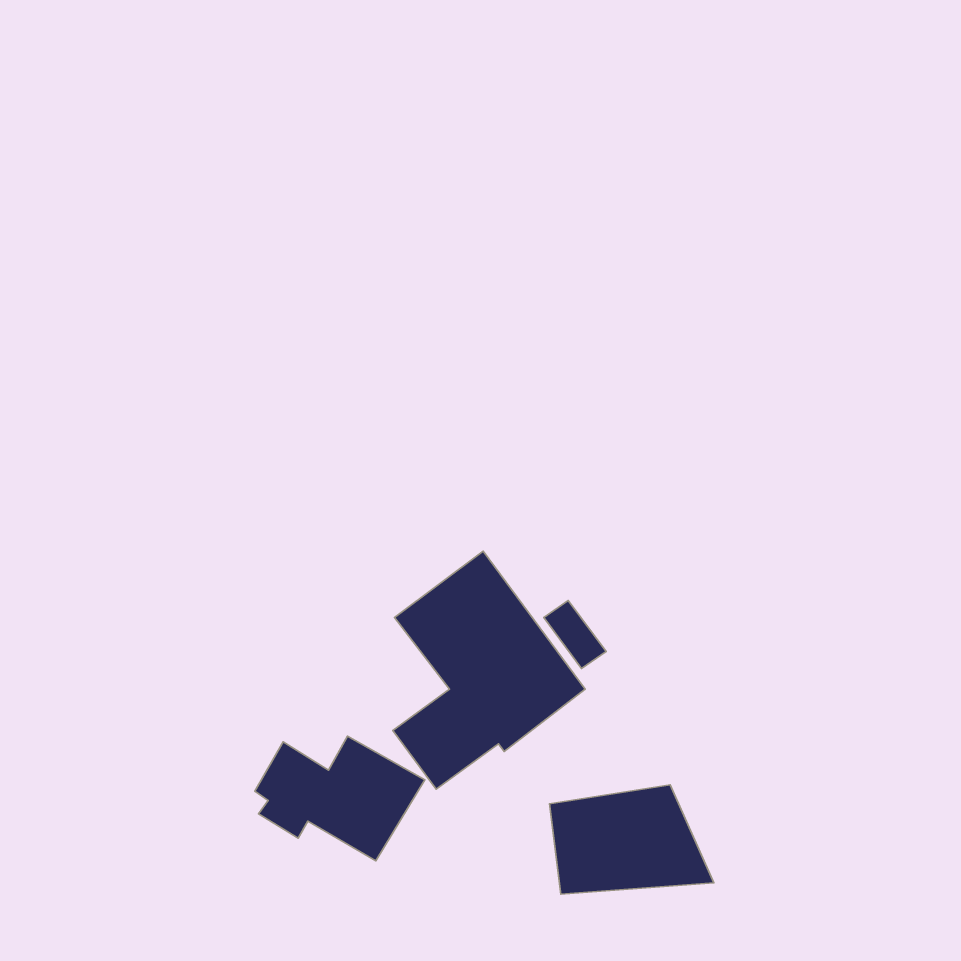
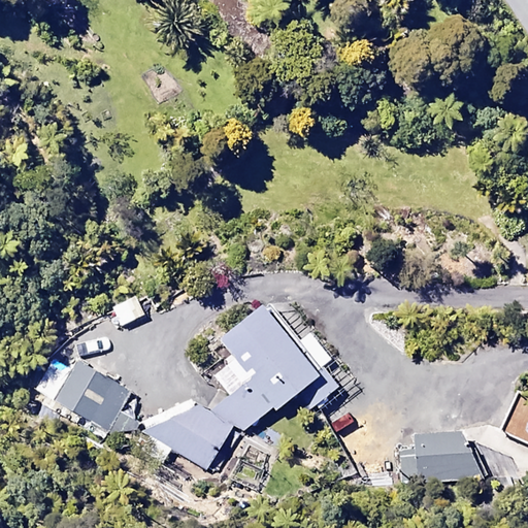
building: none -> [56,359,131,429]
building: [549,785,714,894] -> [396,427,486,487]

